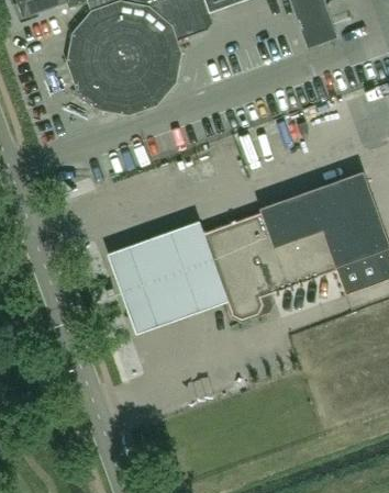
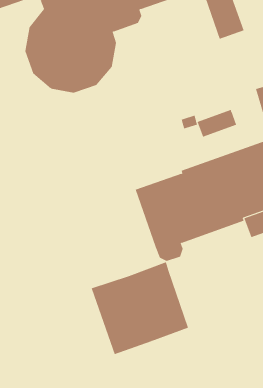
building: none -> [197,109,237,138]
building: [107,221,226,335] -> [91,261,189,355]

